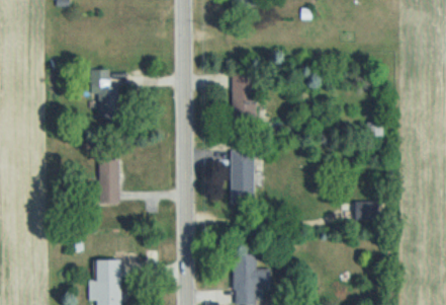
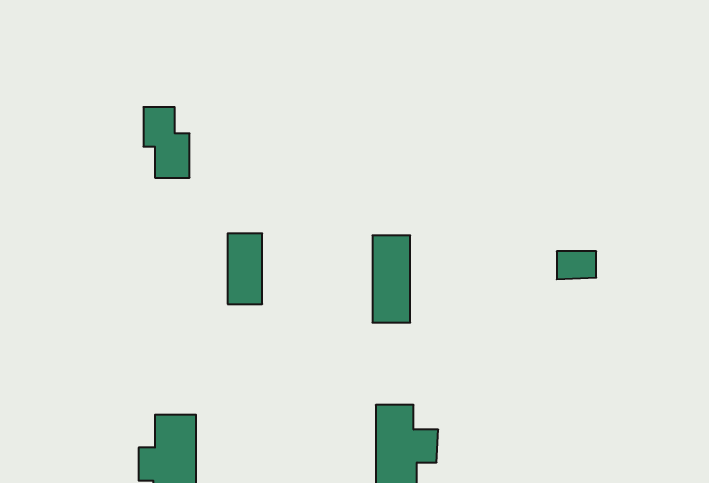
building: [232,71,256,123] -> none
building: [98,159,119,203] -> [228,233,262,304]
building: [353,202,377,219] -> [557,251,596,279]

